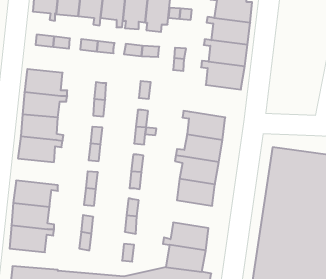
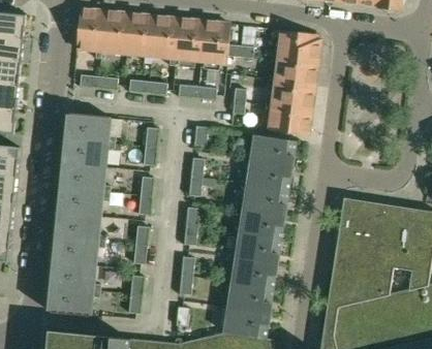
building: none -> [243,135,294,166]
building: none -> [57,212,104,242]
building: none -> [232,258,275,289]

